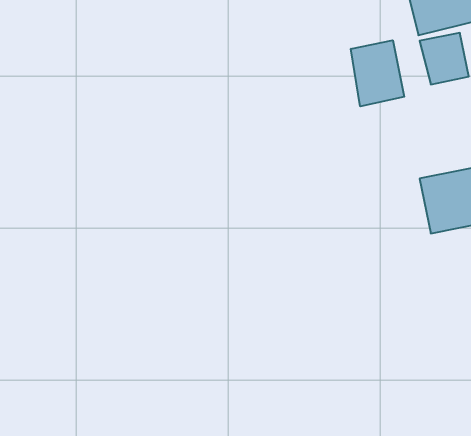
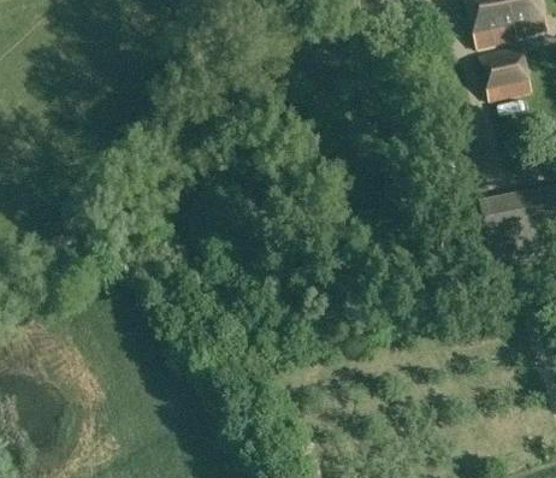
building: [351,40,404,106] -> none

